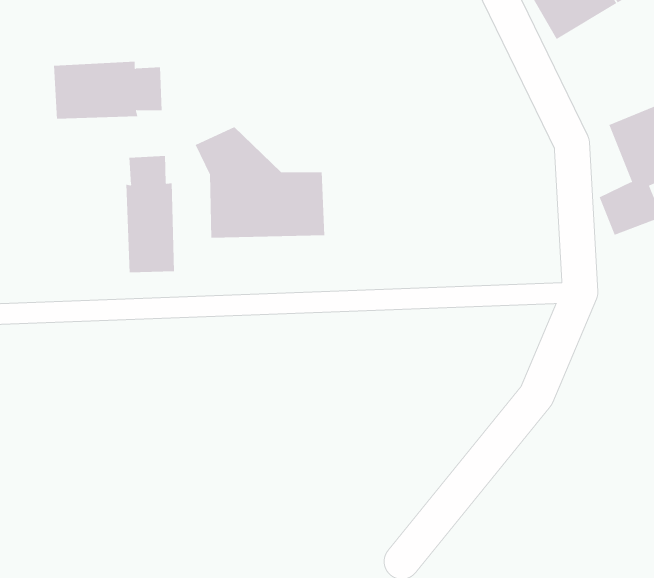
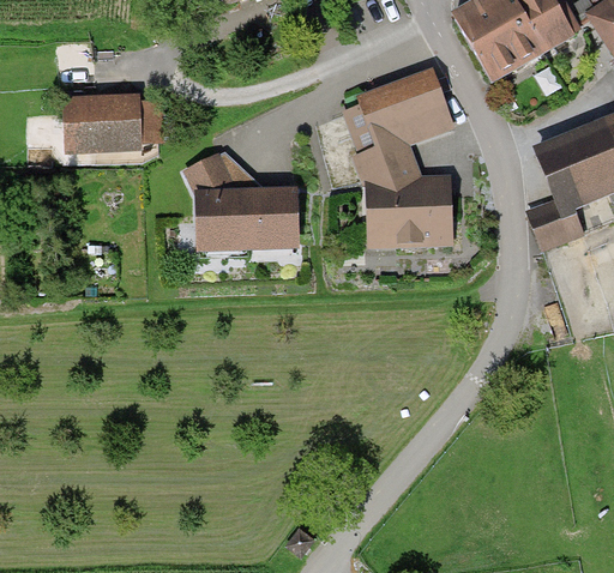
building: none -> [349,76,450,242]
building: [126,155,174,273] -> none

